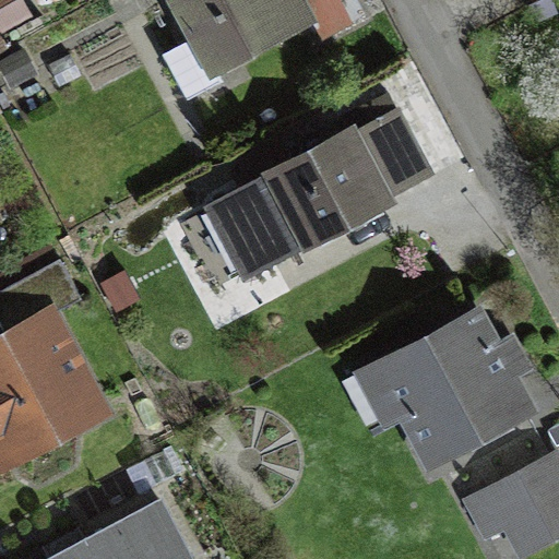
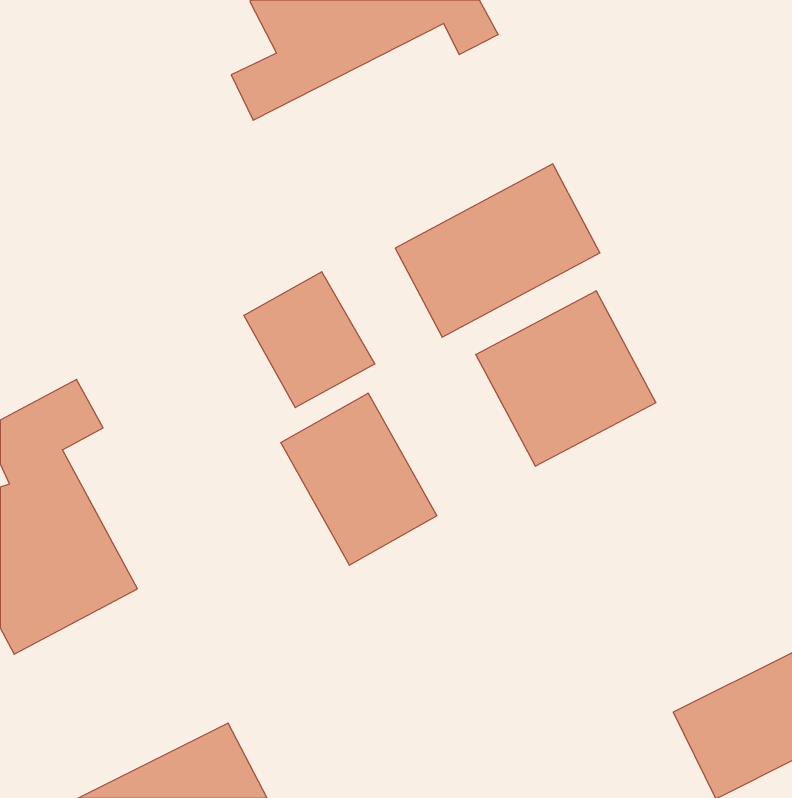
building: none -> [476,291,656,466]
building: none -> [281,393,437,565]
building: [362,312,528,460] -> none

